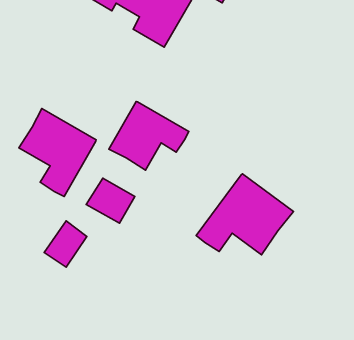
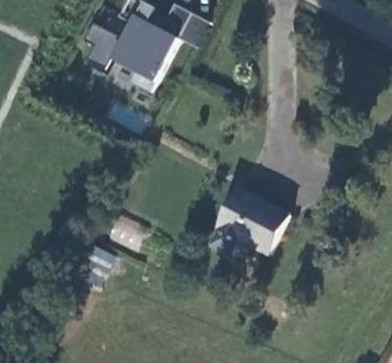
building: [109,102,189,170] -> none
building: [19,109,96,196] -> none

